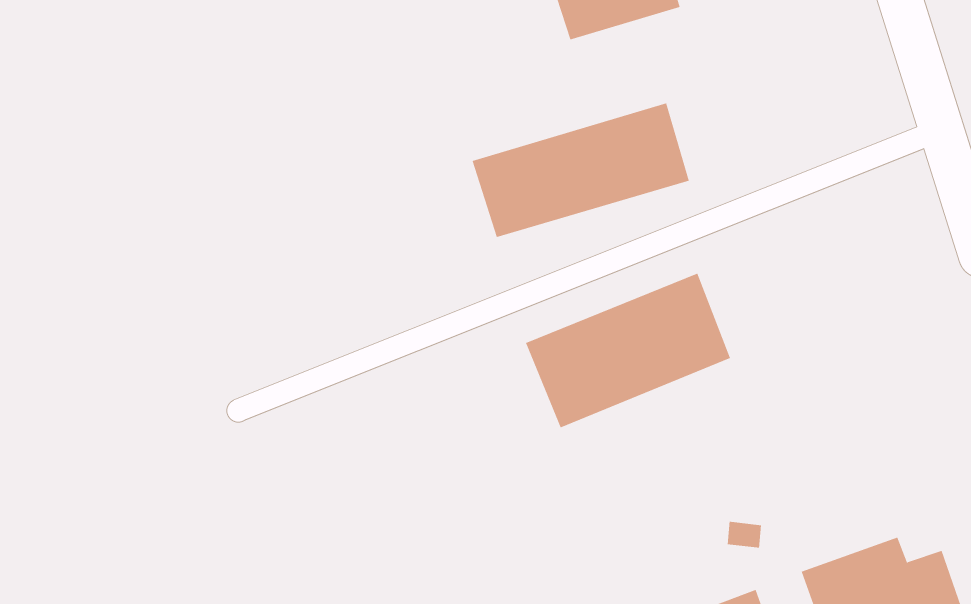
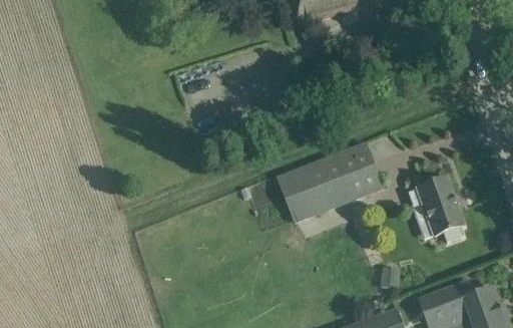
building: [472,103,690,238] -> none
building: none -> [407,176,464,239]

